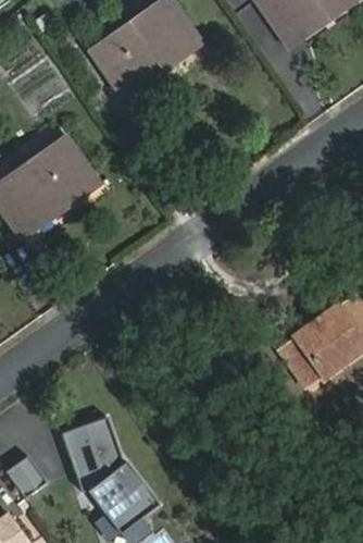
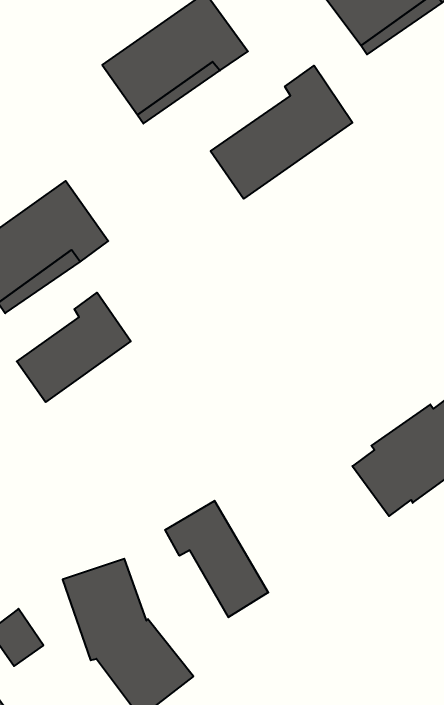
building: none -> [211,66,352,199]
building: none -> [17,293,131,402]
building: none -> [165,501,268,617]

